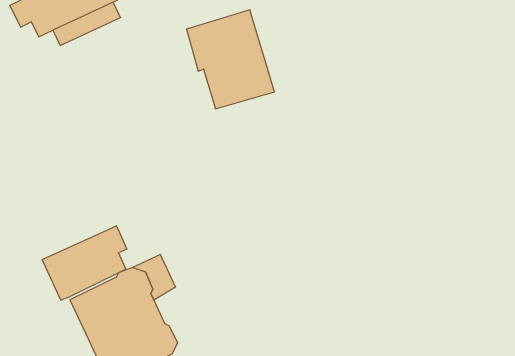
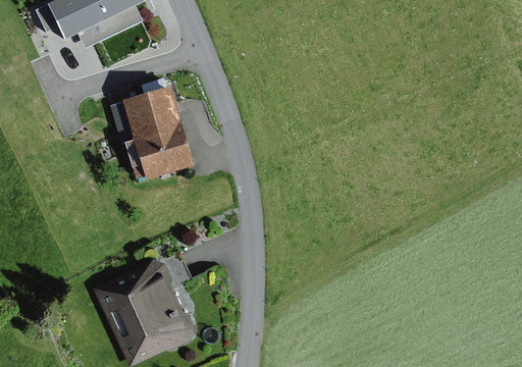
building: [186,10,275,109] -> [110,86,194,179]
building: [42,226,127,300] -> none

